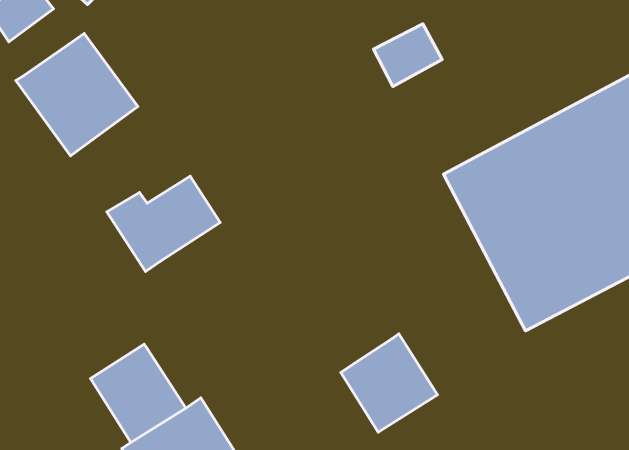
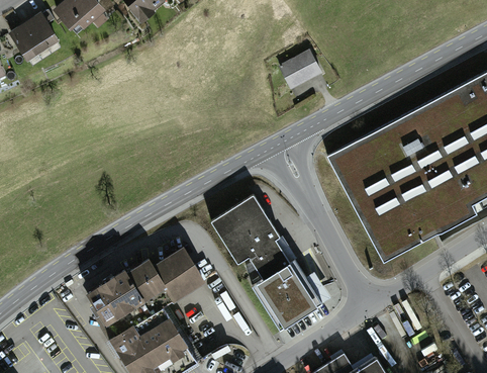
building: [16,34,138,156] -> none
building: [107,176,220,272] -> [123,247,200,311]
building: none -> [215,198,290,281]

